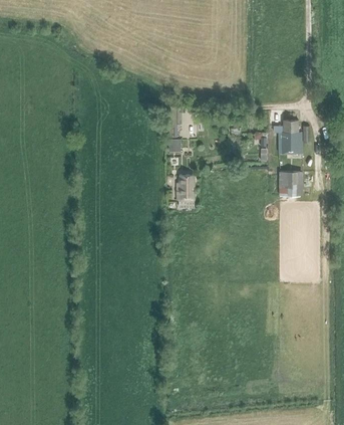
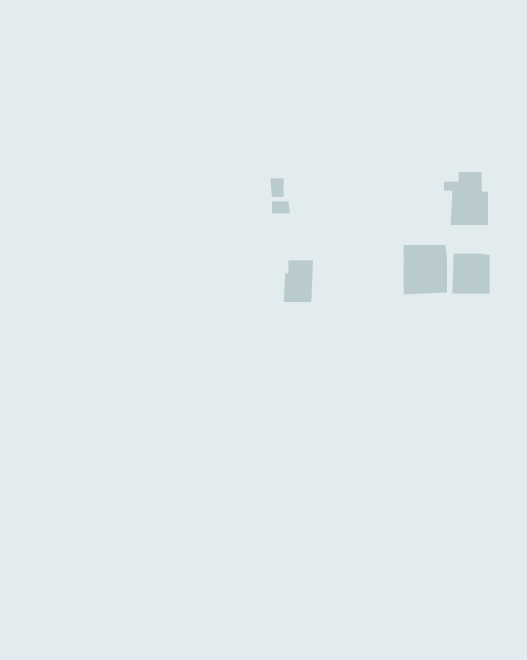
building: none -> [403,244,448,295]

